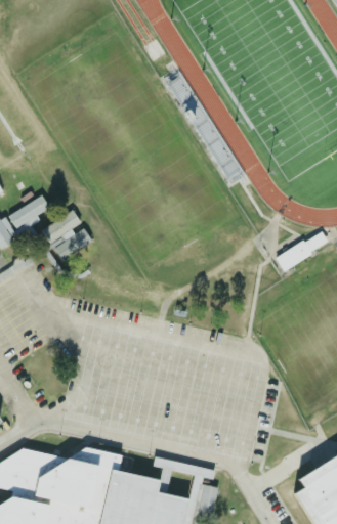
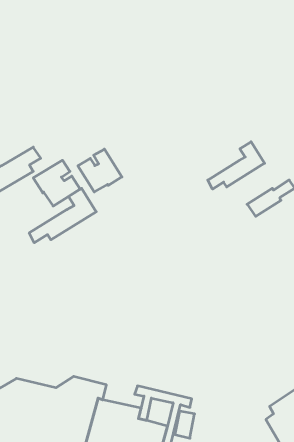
building: none -> [208,142,265,189]
building: none -> [78,149,122,192]
building: none -> [29,188,96,243]

